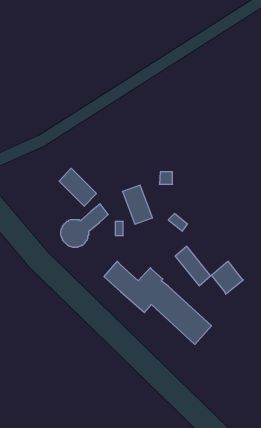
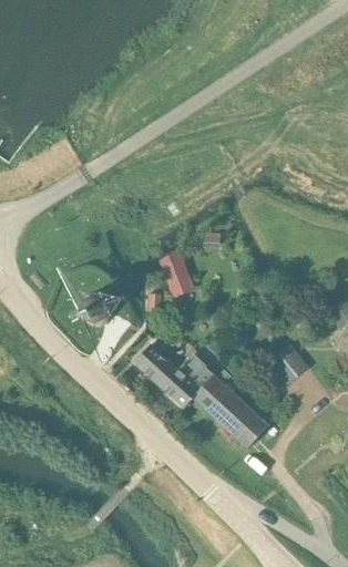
building: [59,168,96,206] -> none
building: [175,246,211,286] -> none

